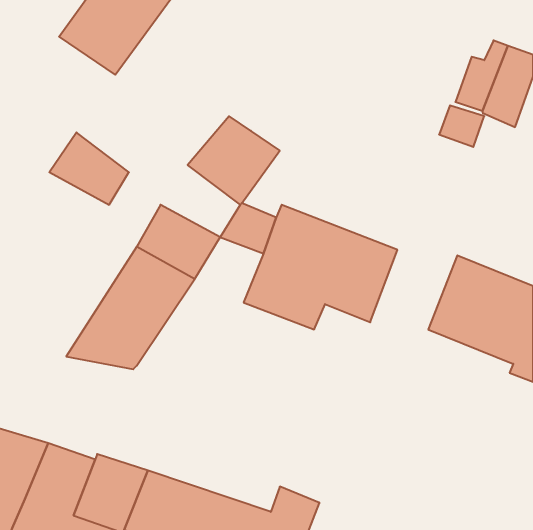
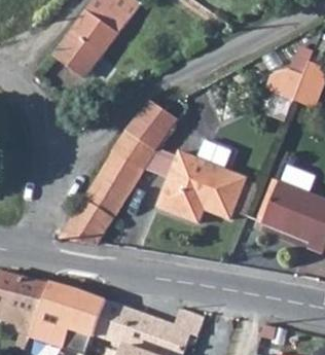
building: [49,132,129,205] -> [111,127,156,168]

